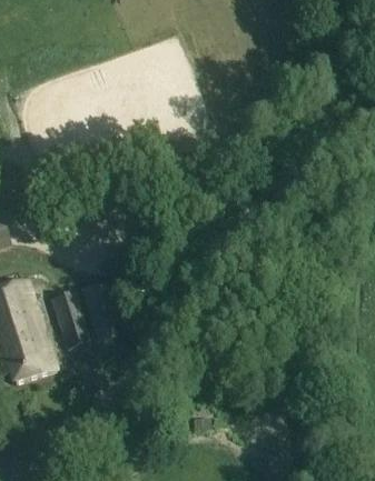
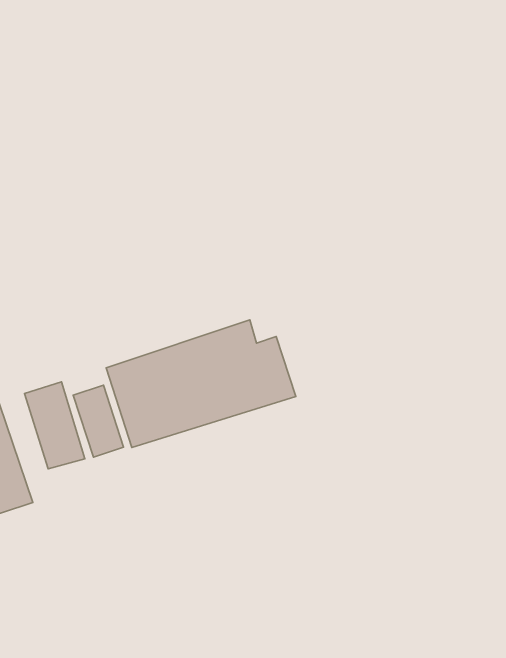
building: none -> [106,320,296,448]

